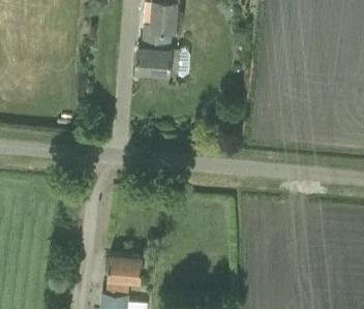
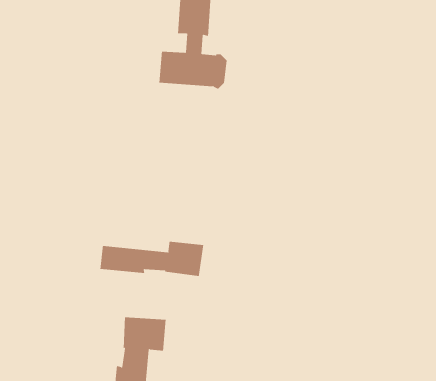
building: none -> [100,241,204,277]

